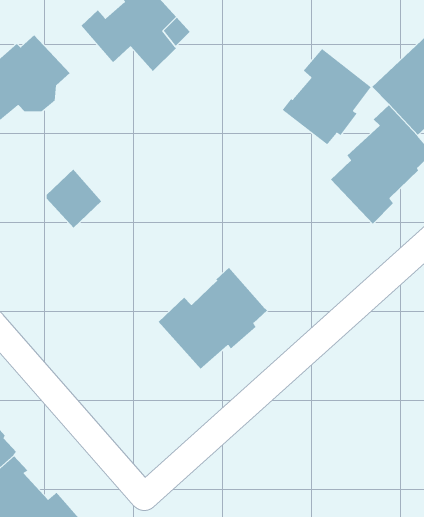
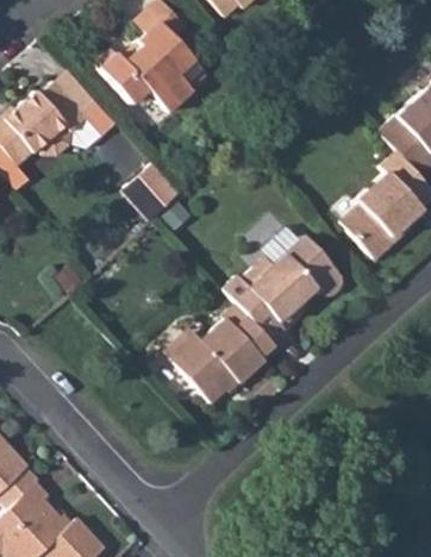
building: [282,48,372,145] -> none
building: [46,169,102,229] -> [127,165,181,223]
building: none -> [227,226,342,343]

